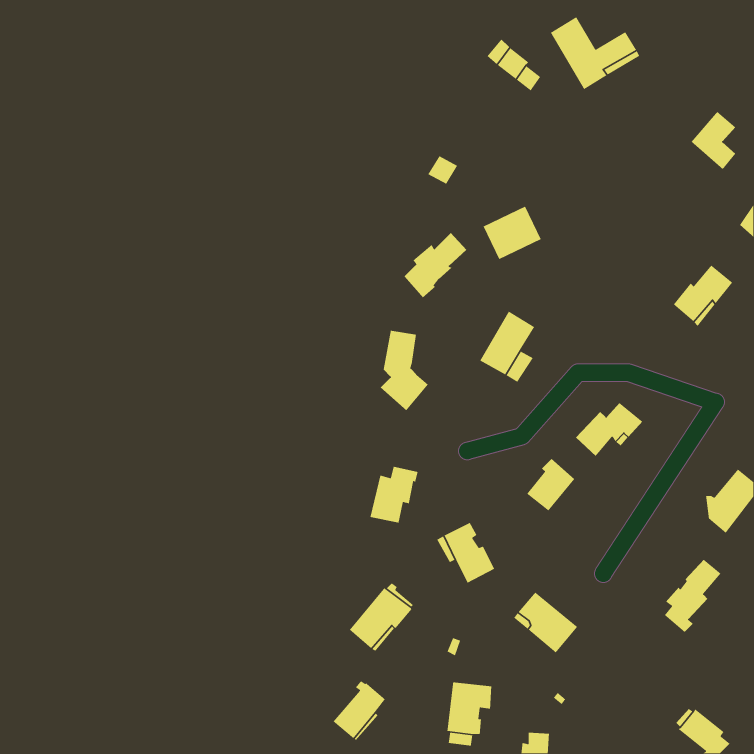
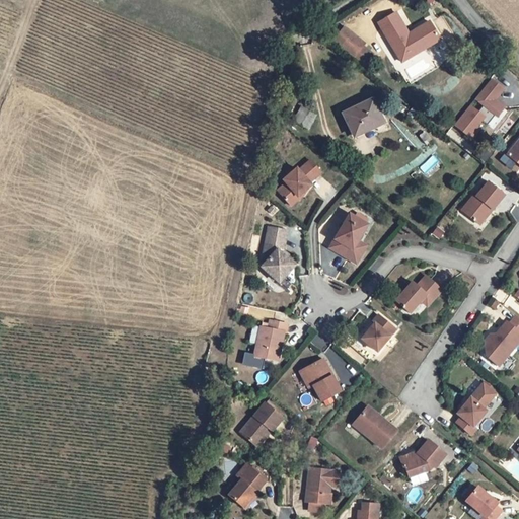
building: none -> [452,102,491,138]
building: [483,206,542,260] -> [343,98,383,136]
building: none -> [398,439,445,476]

